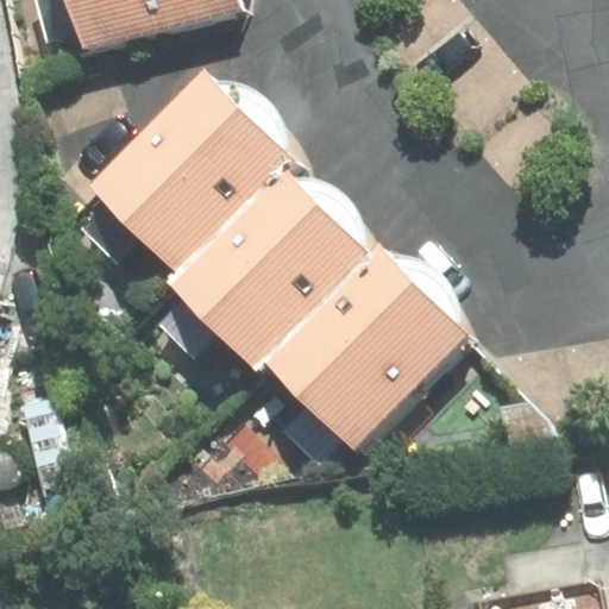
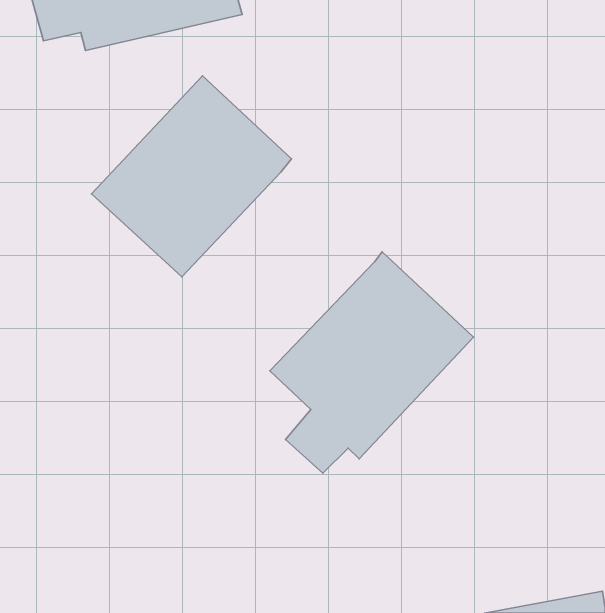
building: [168,170,370,373] -> none

